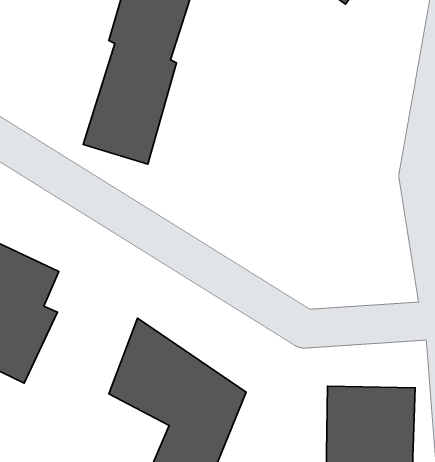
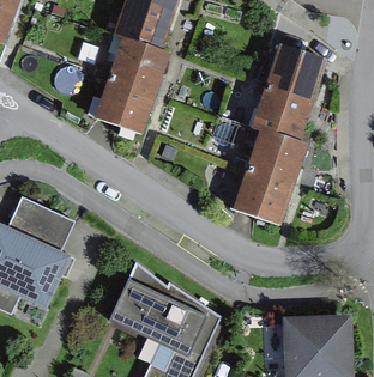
building: none -> [229,47,325,226]

